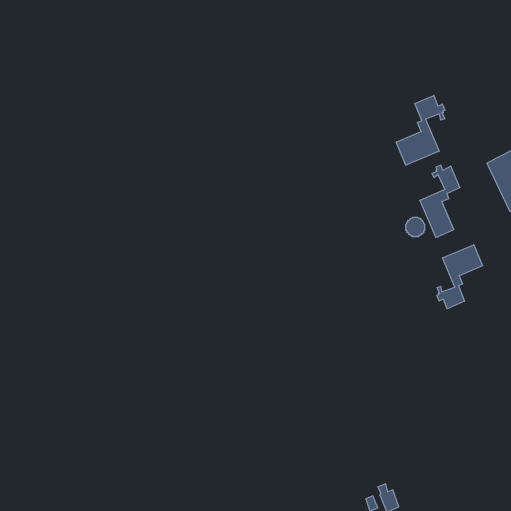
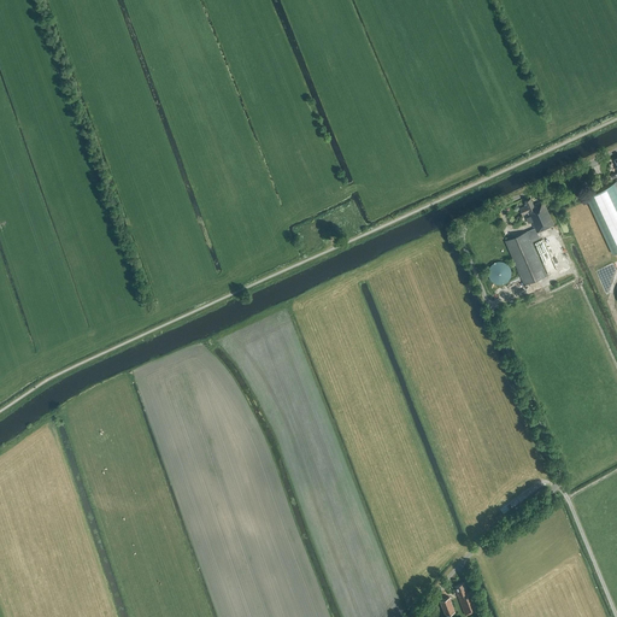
building: [396,95,445,165] -> none
building: [437,245,483,309] -> none

